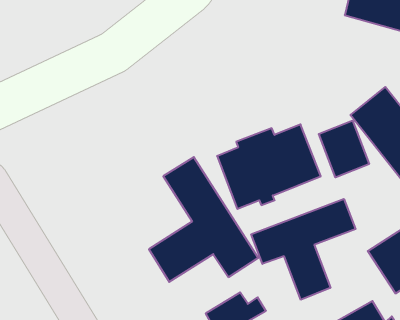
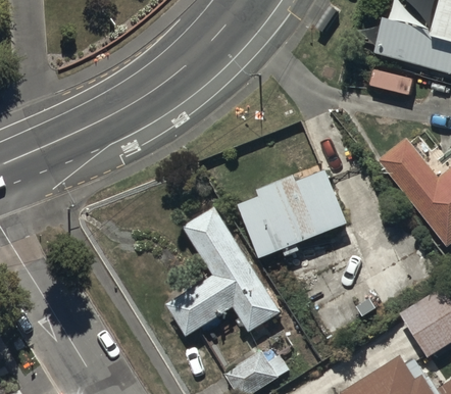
building: [319,121,369,177] -> none
building: [251,199,356,300] -> none

